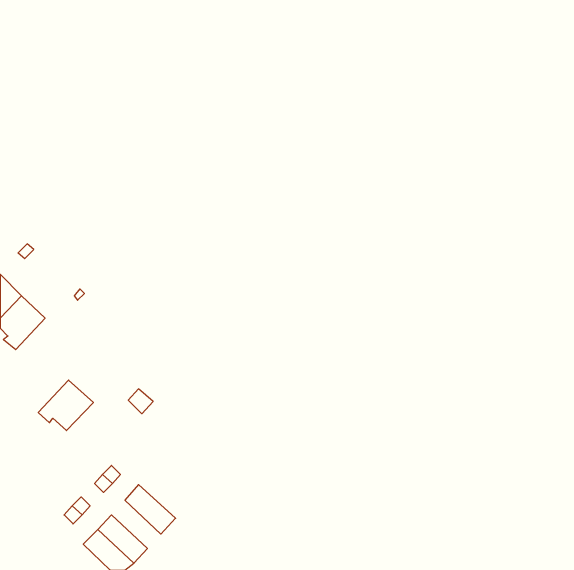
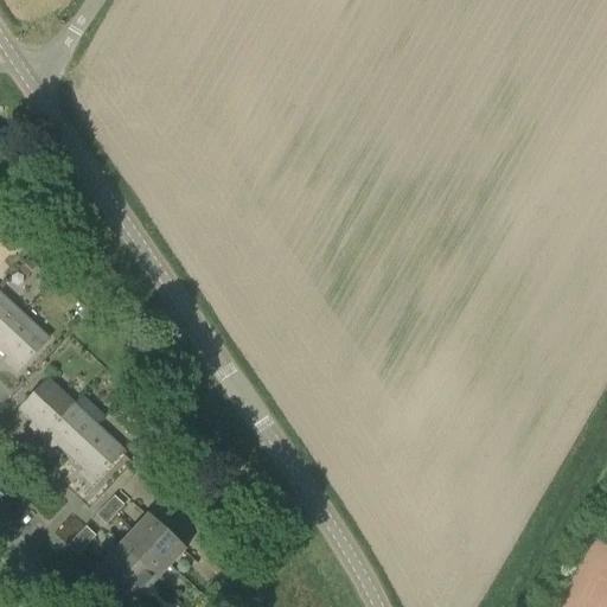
building: none -> [20,377,74,435]
building: none -> [71,424,124,483]
building: none -> [119,528,171,579]

